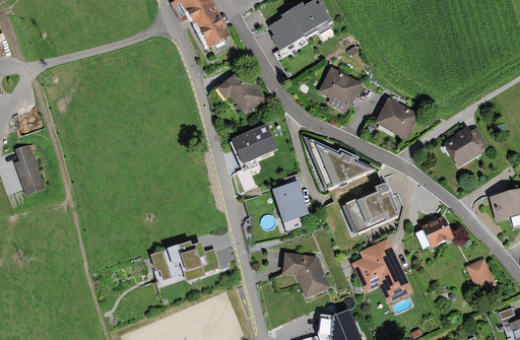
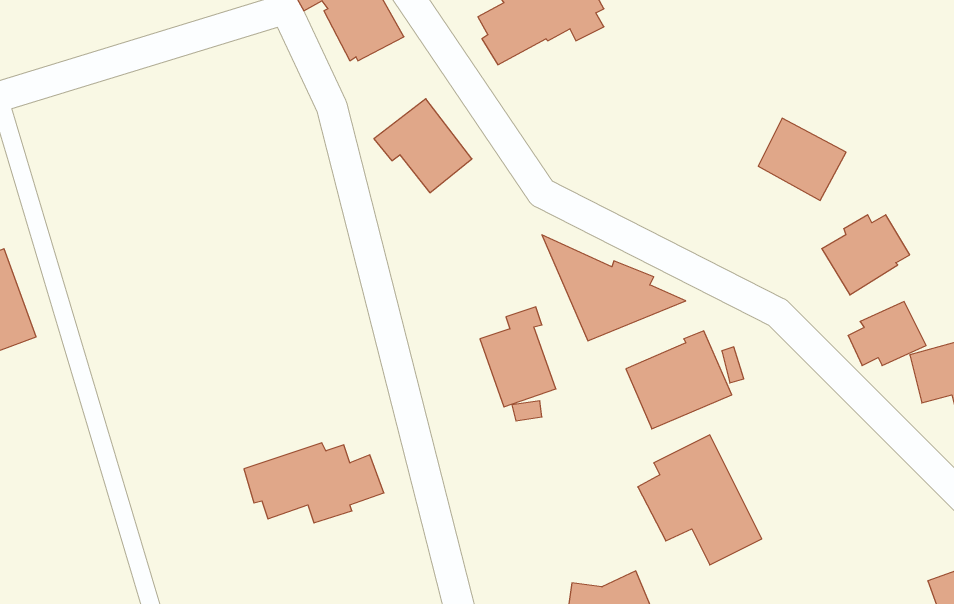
building: [318,68,362,112] -> none
building: [375,97,419,139] -> [758,118,846,200]
building: [231,124,277,171] -> none
building: [414,216,454,249] -> [848,302,926,366]
building: [281,253,330,298] -> none
building: [465,258,496,292] -> none

